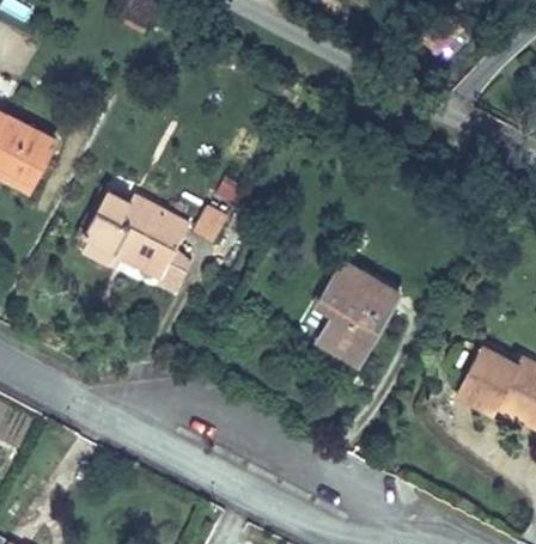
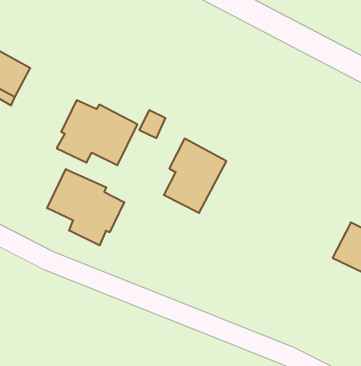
building: [316,264,398,362] -> [164,139,226,213]
building: none -> [47,169,124,245]

